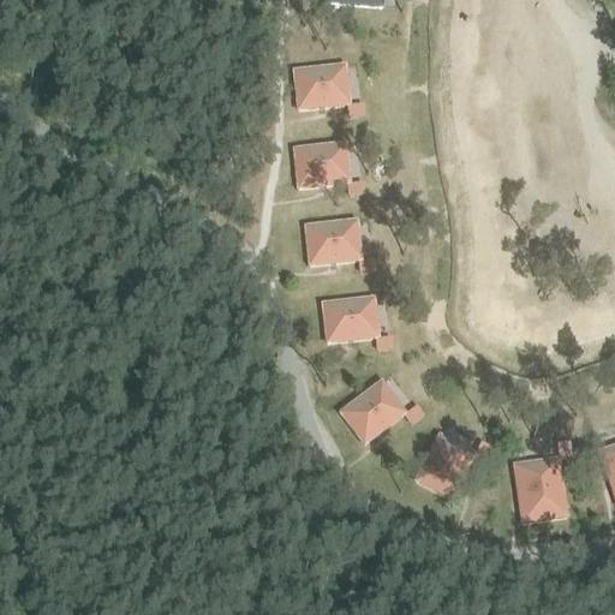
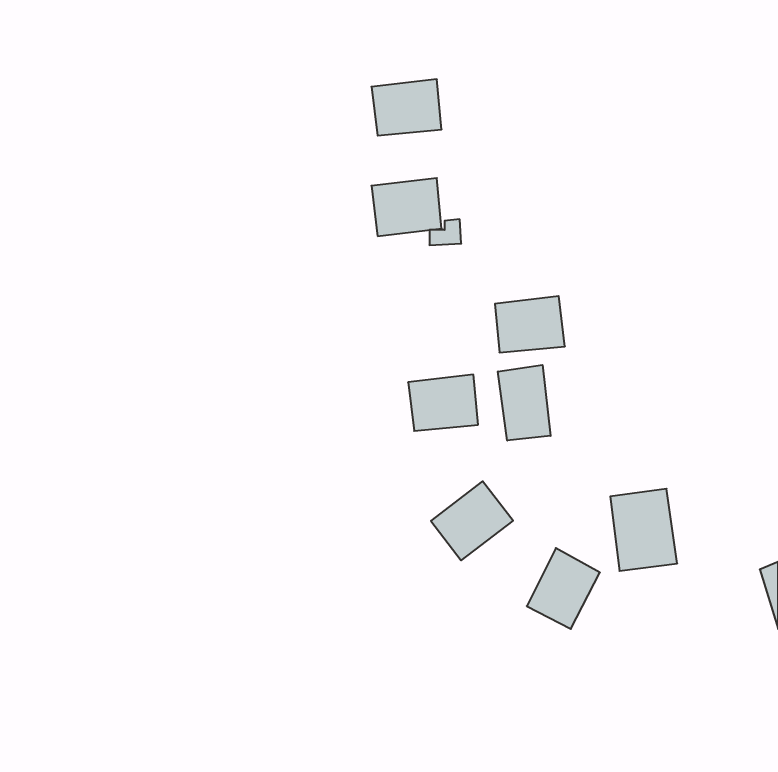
building: [306,217,362,262] -> [495,296,565,352]
building: none -> [498,365,551,441]
building: [514,456,567,521] -> [610,489,677,571]

